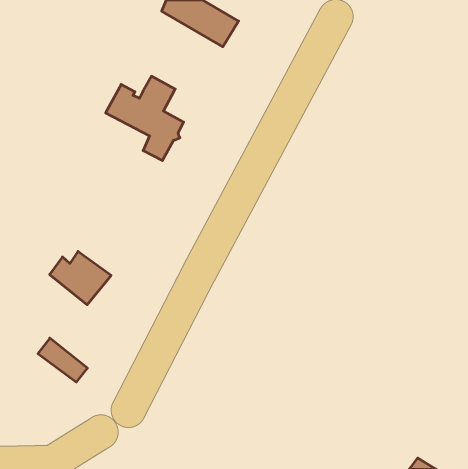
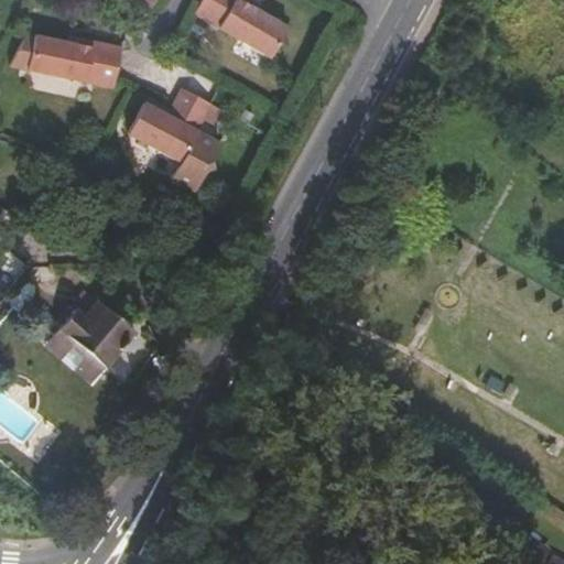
building: none -> [34,31,121,86]
building: [38,338,87,382] -> [46,329,106,382]

